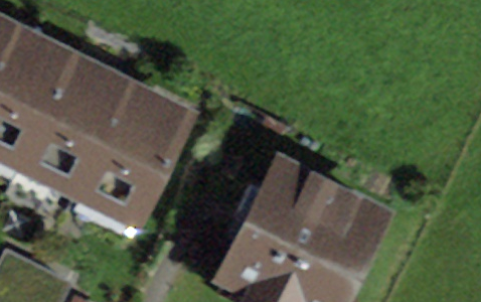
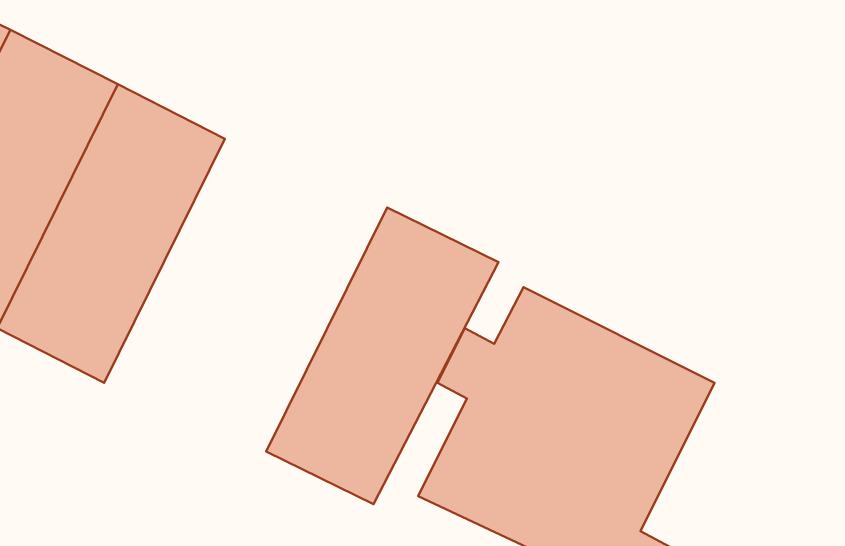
building: [64,79,184,232] -> [266,208,498,504]

